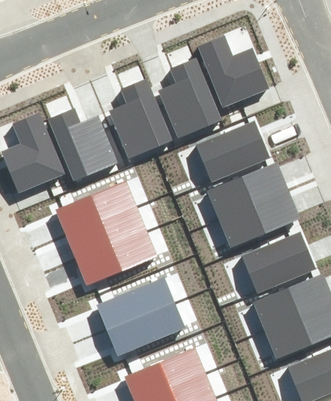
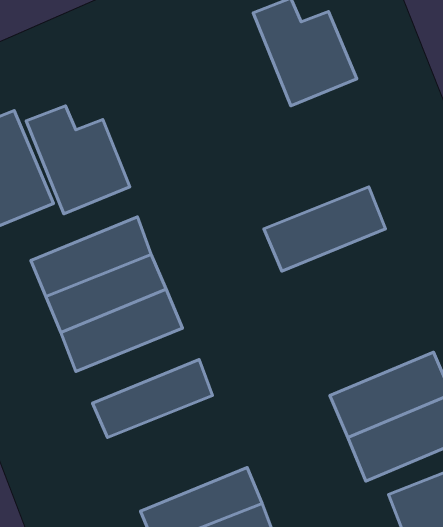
building: [159,58,221,137] -> none
building: [108,79,171,159] -> none
building: [197,121,268,180] -> none
building: [219,190,300,248] -> none
building: [243,233,314,292] -> none
building: [103,301,184,355] -> none

